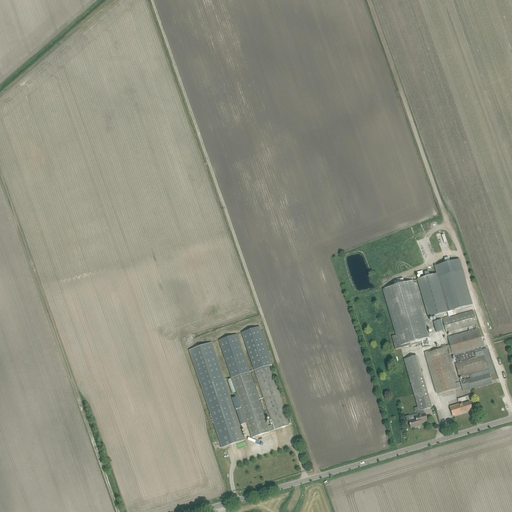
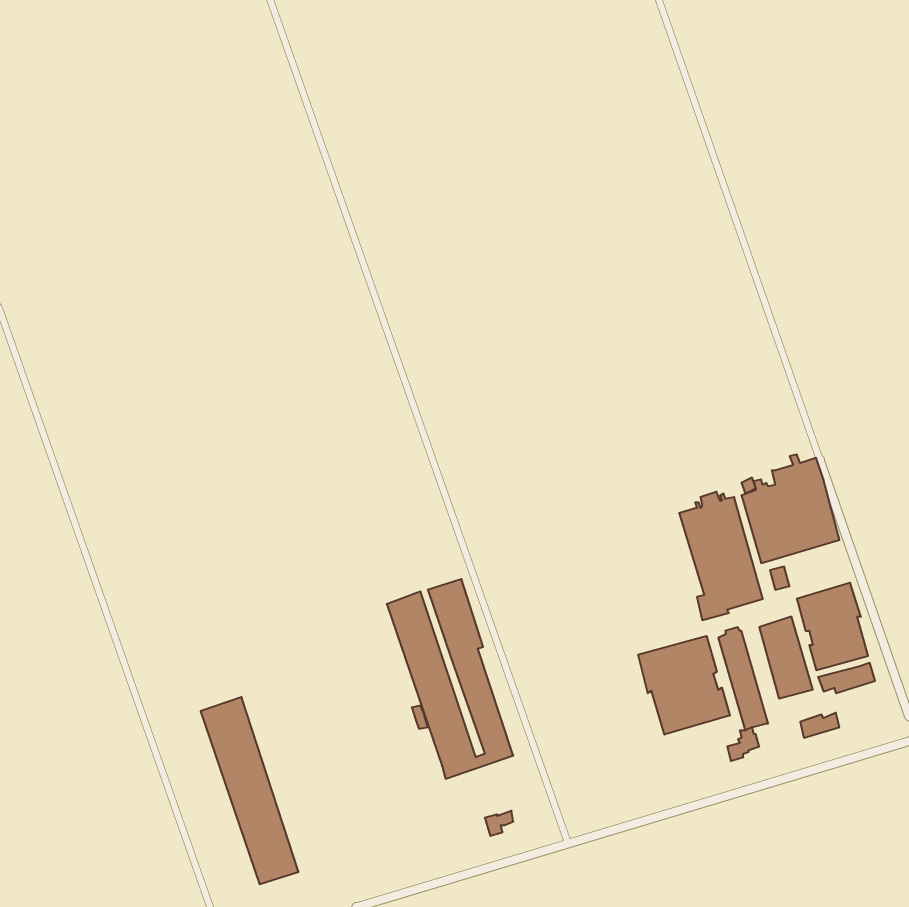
building: [442,310,476,332] -> none
building: [188,341,243,446] -> [201,697,299,884]
building: none -> [638,636,730,735]

